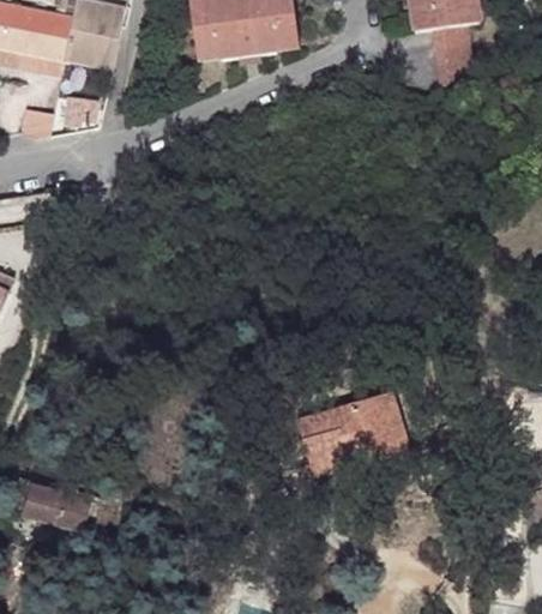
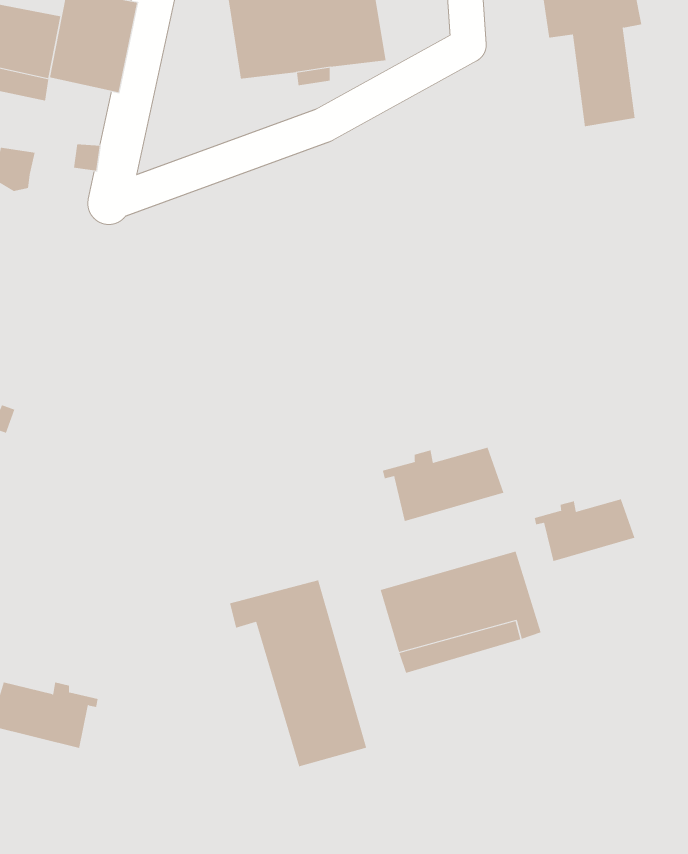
building: none -> [382,447,504,522]
building: none -> [534,498,635,562]
building: none -> [229,580,367,767]

